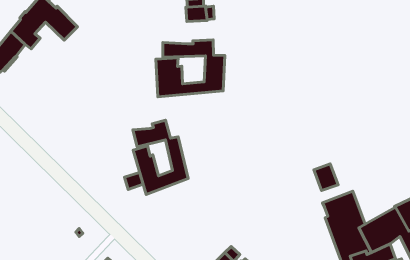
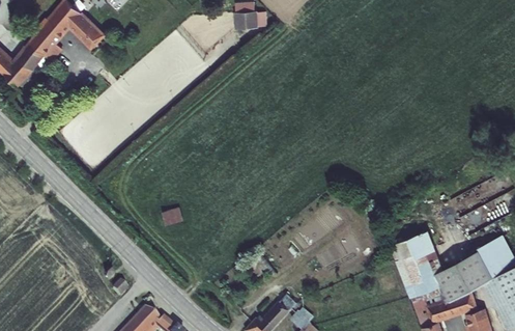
building: [156,40,225,97] -> none
building: [133,120,188,194] -> none
building: [314,164,338,191] -> none

